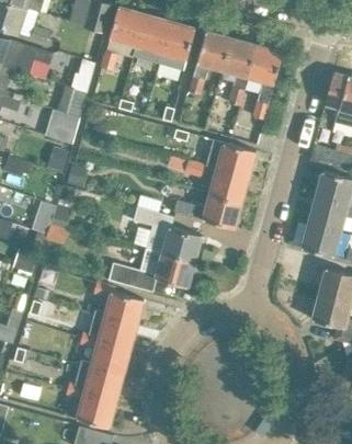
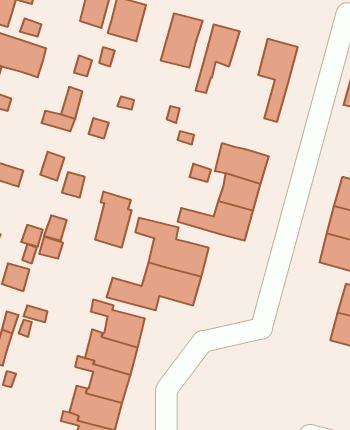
building: [132,14,169,65] -> none
building: [219,38,254,106] -> none
building: none -> [95,191,131,248]

